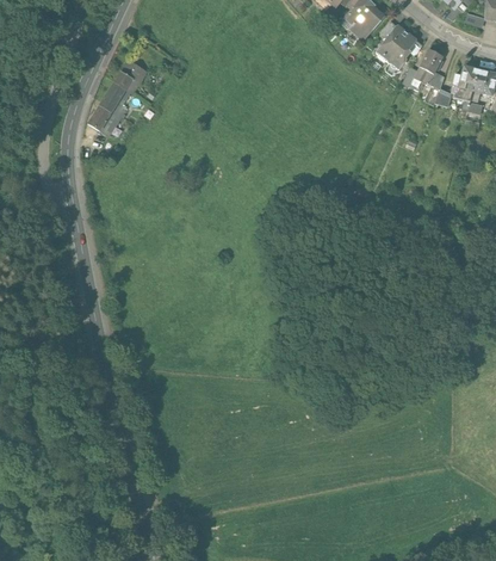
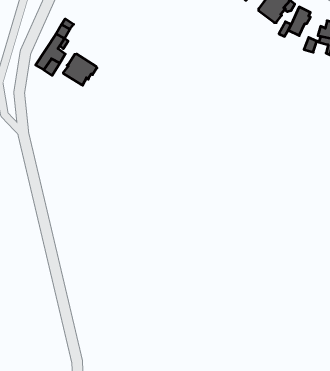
building: none -> [63,54,97,85]

